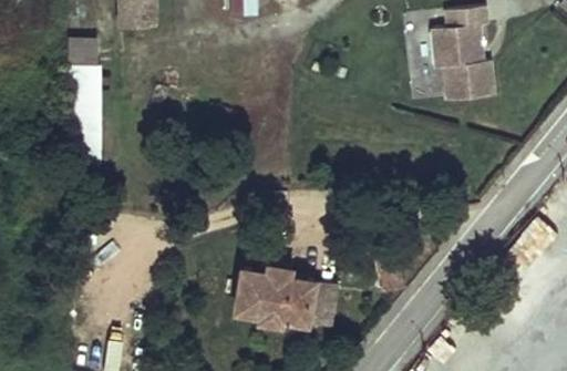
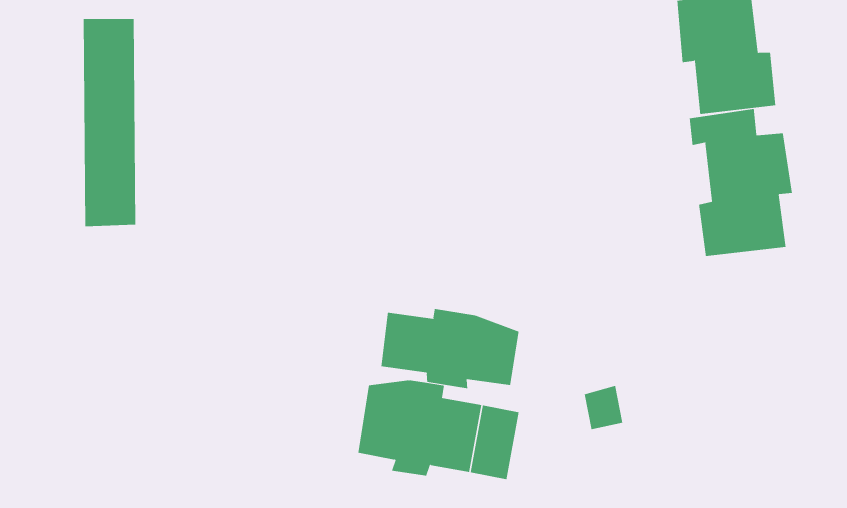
building: none -> [689,108,792,257]
building: none -> [381,308,519,389]

